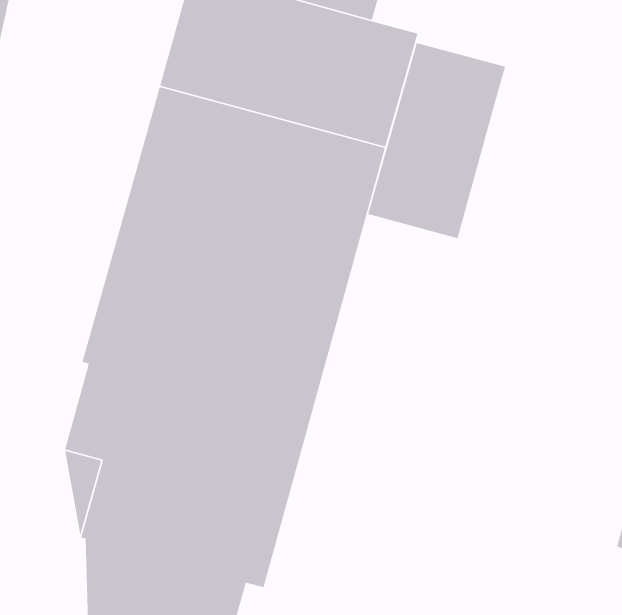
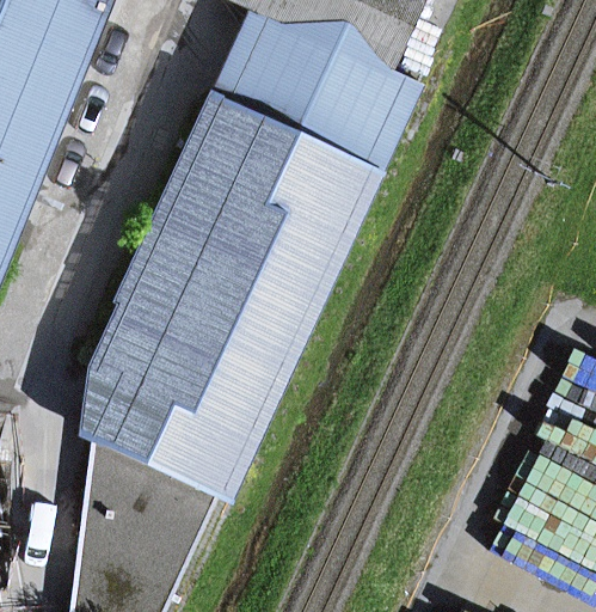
building: [367,42,506,239] -> none

